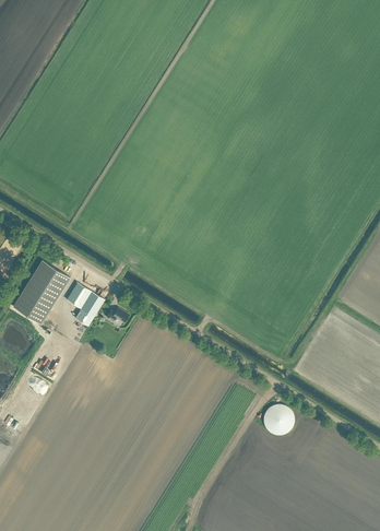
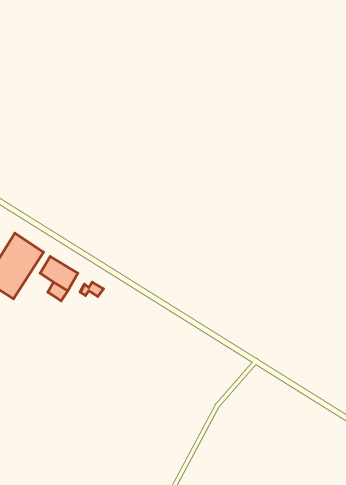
building: [263,403,294,434] -> none

